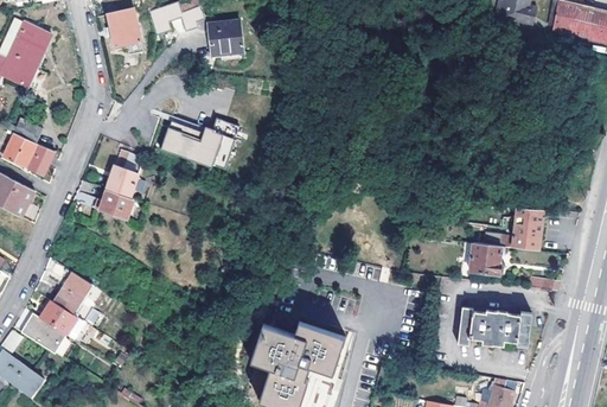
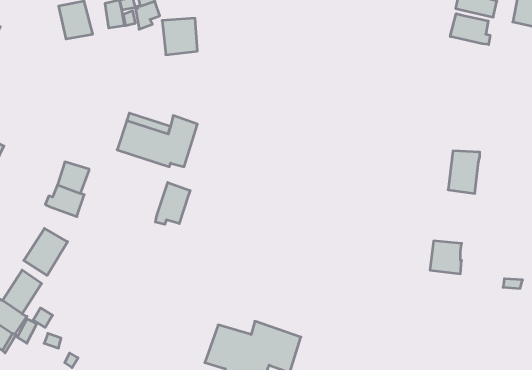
building: none -> [450,14,490,45]
building: none -> [155,182,190,224]
building: [511,208,542,249] -> [448,151,480,193]
building: none -> [24,228,68,275]
building: [456,307,531,346] -> none

